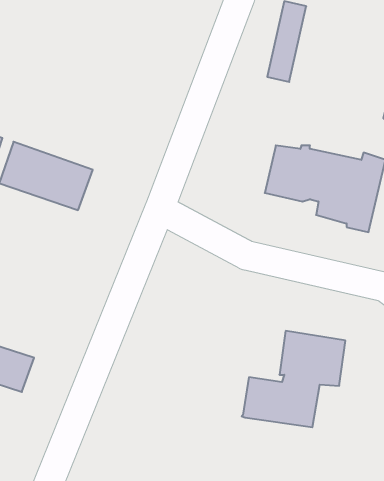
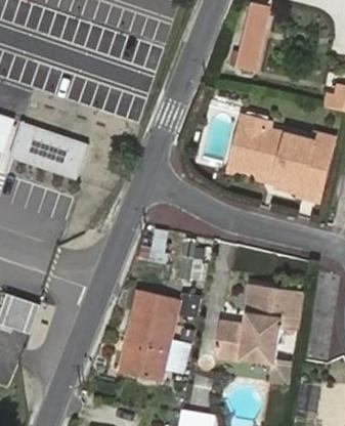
building: none -> [122,291,173,381]

